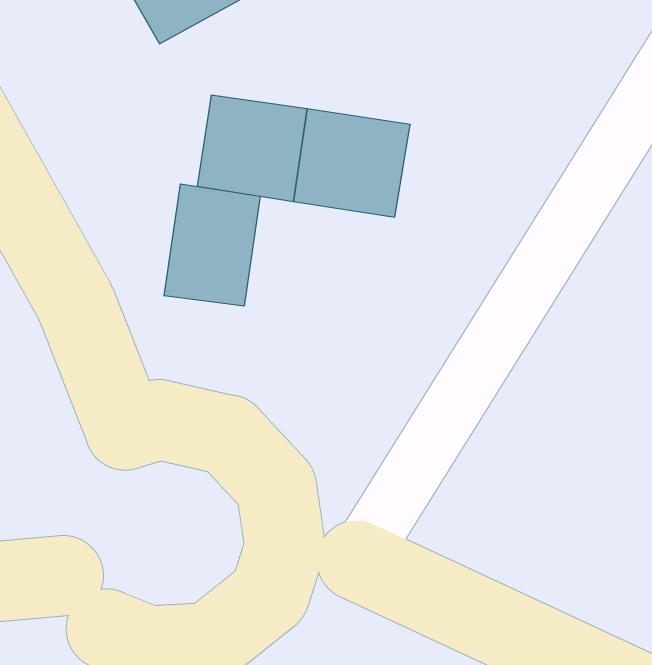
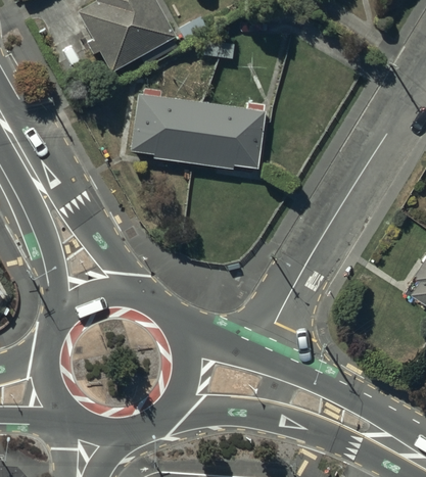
building: [164,184,260,306] -> none

